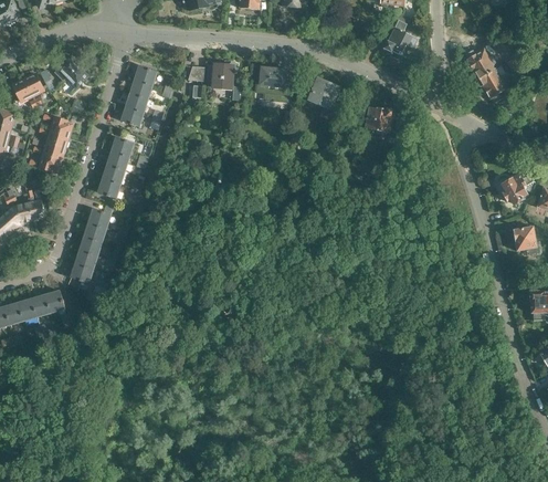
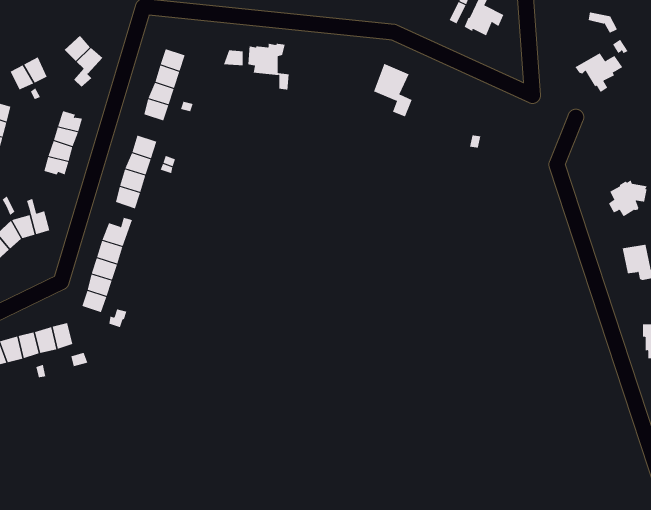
building: [465,50,495,82] -> none
building: [255,67,289,102] -> none
building: [365,107,396,133] -> none

